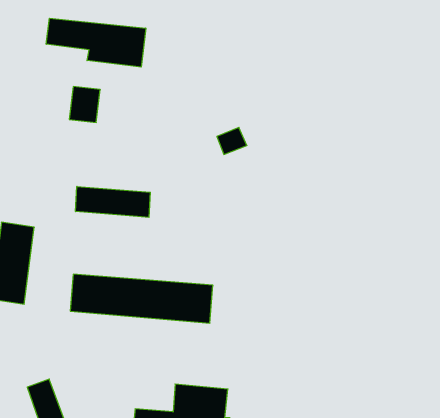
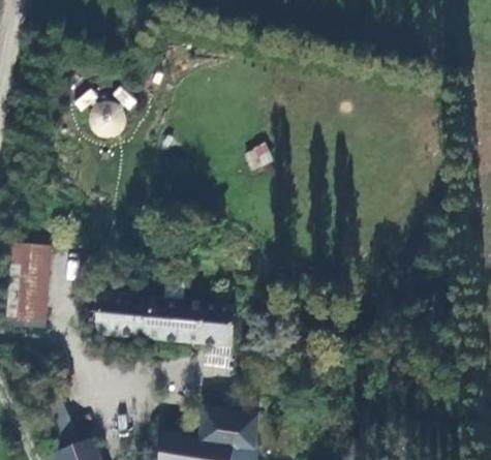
building: [46,18,146,67] -> none
building: [76,186,150,217] -> none

